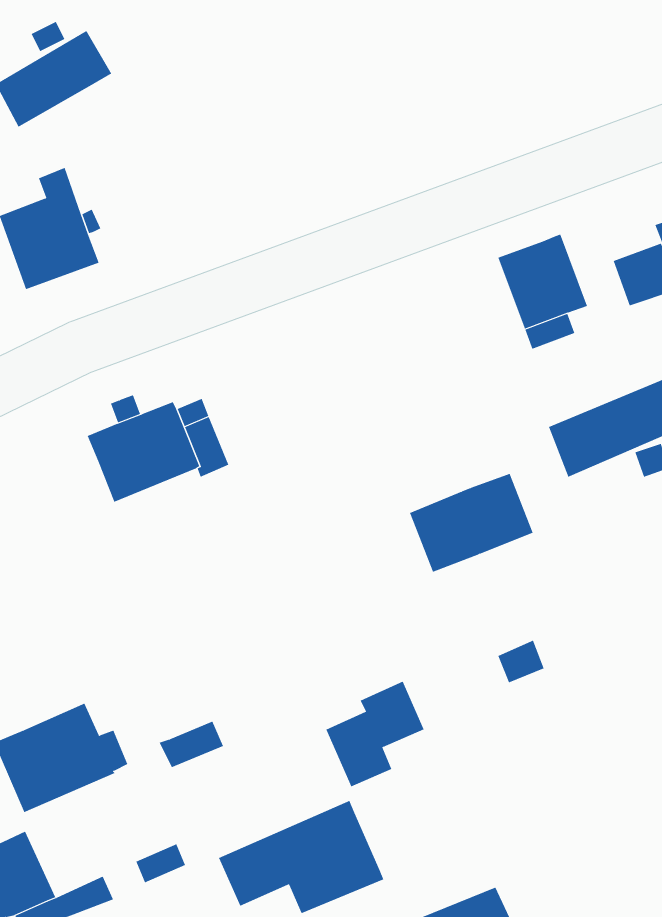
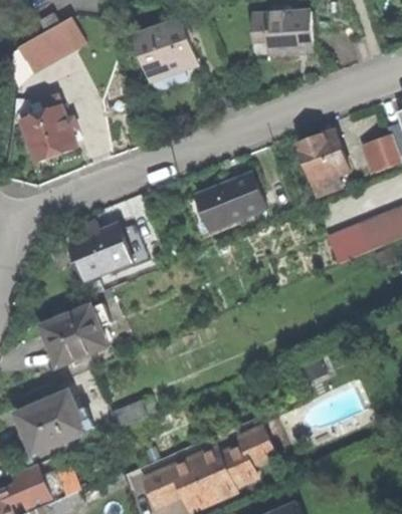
building: none -> [251,12,311,52]
building: none -> [133,20,196,75]
building: [409,473,533,572] -> [195,174,264,229]
building: none -> [41,303,110,364]
building: [326,681,425,787] -> [218,426,273,485]

